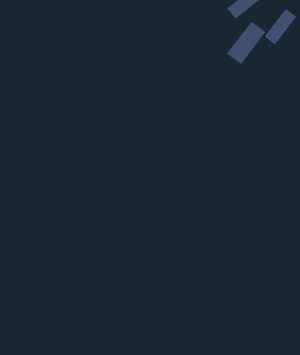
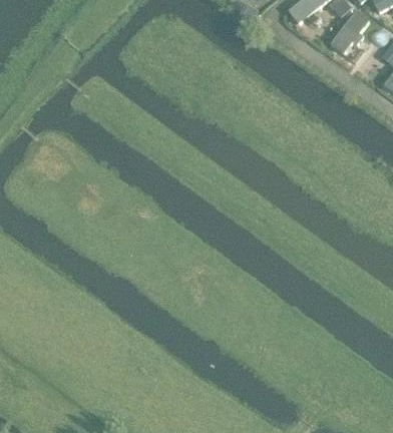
building: [226,21,266,65] -> none

